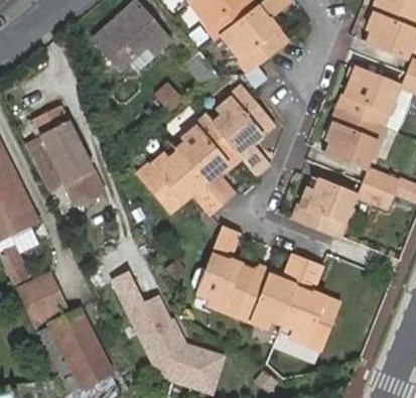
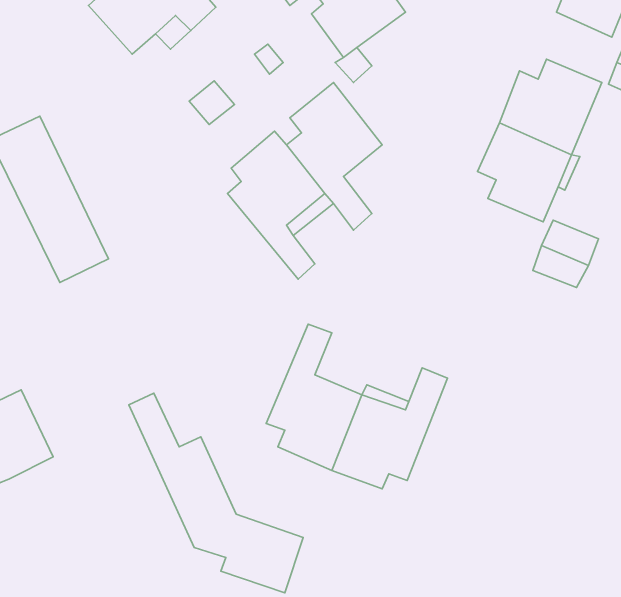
building: [134,151,219,213] -> none
building: [292,180,353,236] -> none
building: [284,262,340,350] -> none
building: [45,305,114,389] -> none

